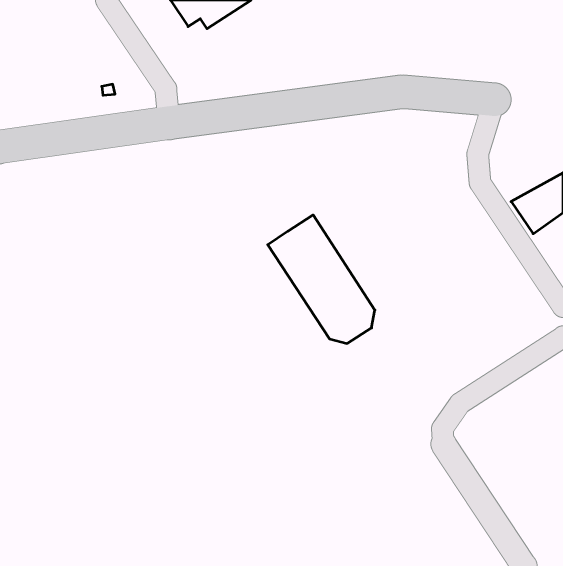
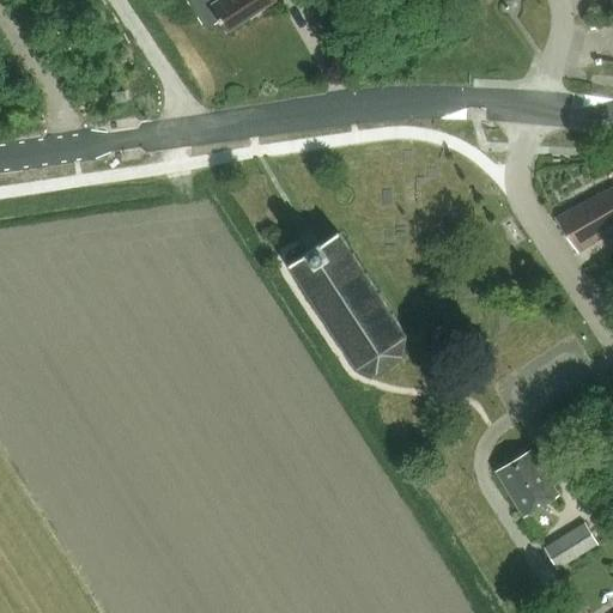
building: none -> [496,450,558,516]
building: none -> [542,523,597,570]

